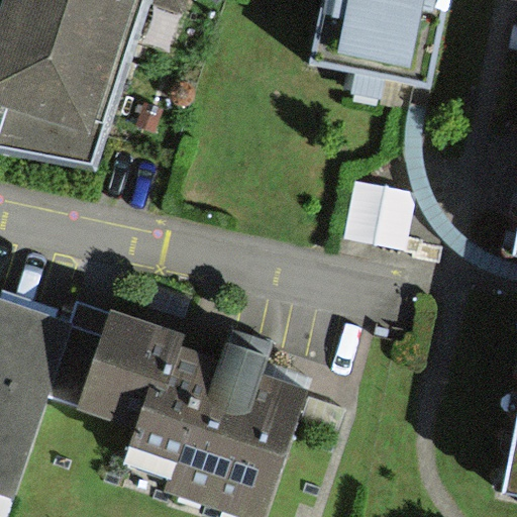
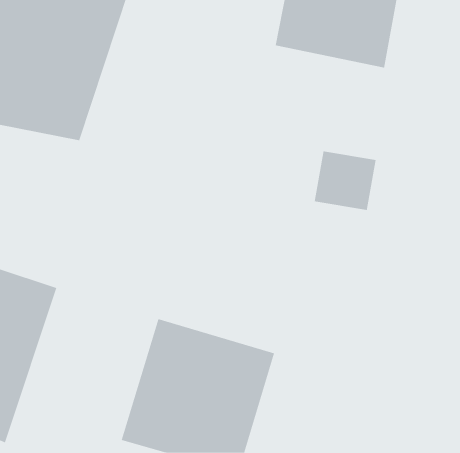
building: [42,298,180,430] -> none

